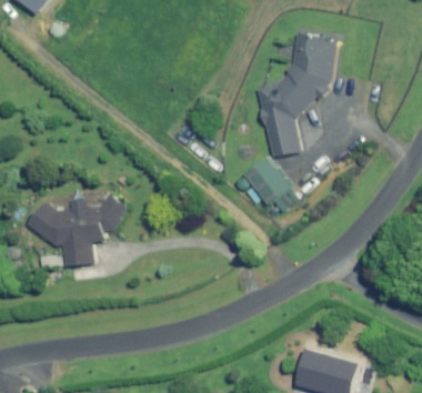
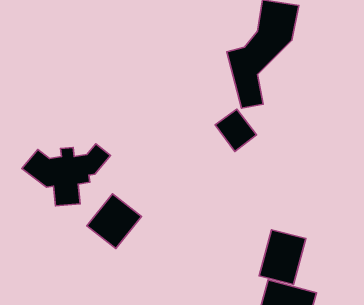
building: none -> [87,194,141,249]
building: none -> [259,230,306,284]

